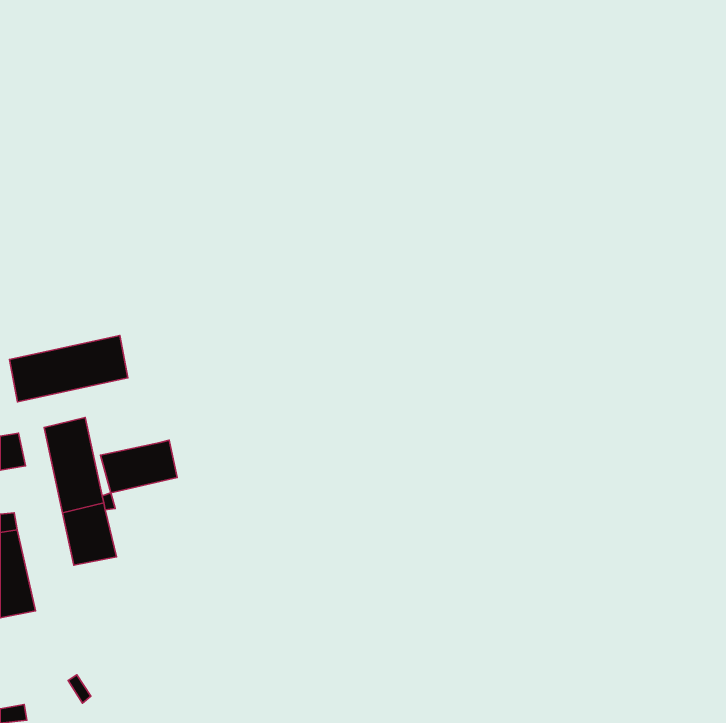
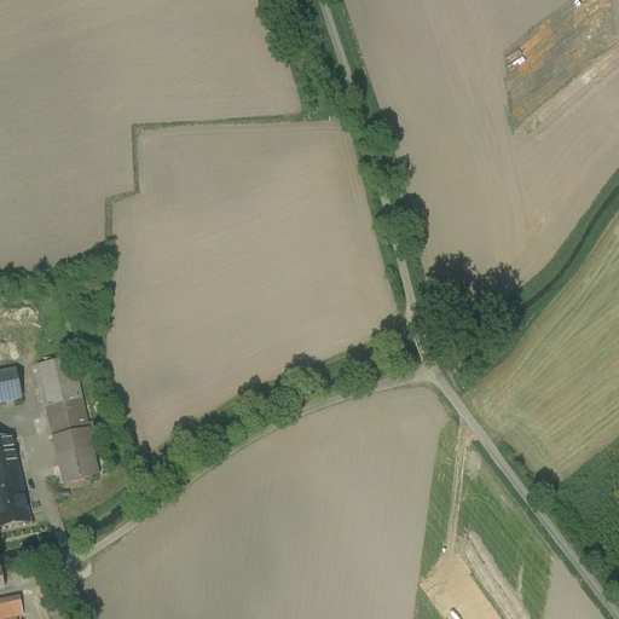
building: [9,335,128,402] -> none
building: [101,440,177,493] -> none

